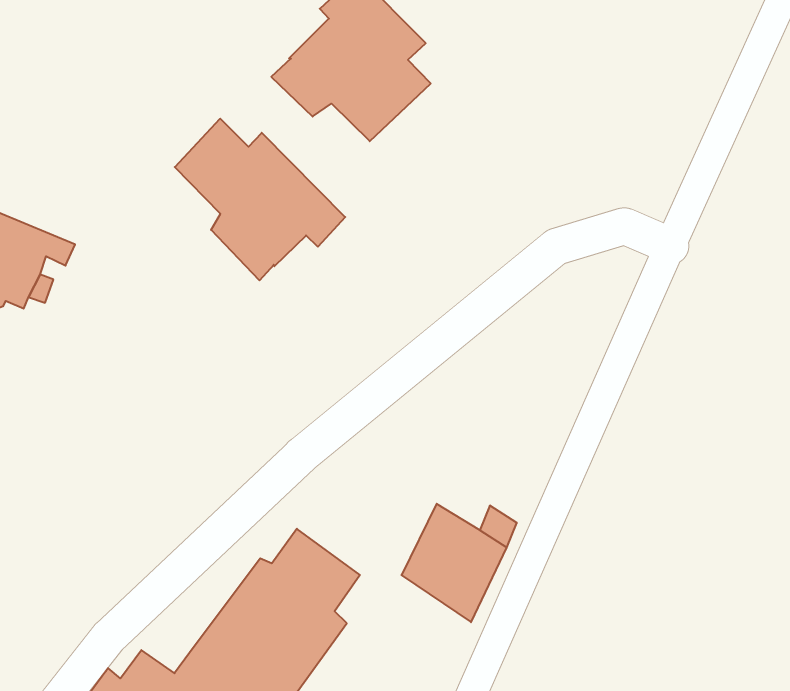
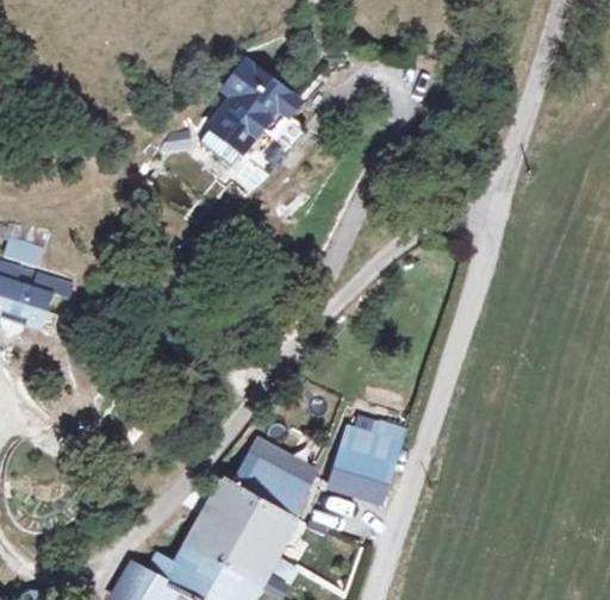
building: [175,119,345,280] -> none

